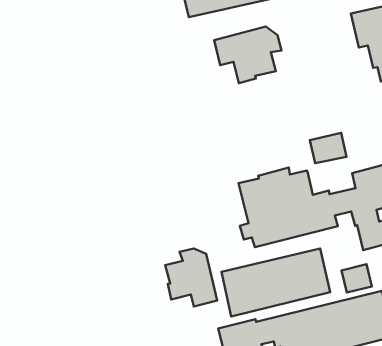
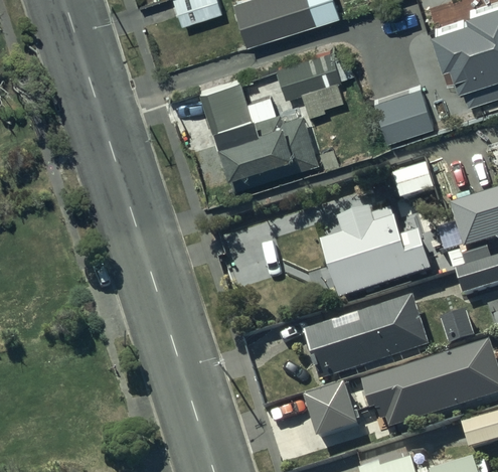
building: none -> [196,76,316,184]
building: none -> [374,82,435,136]
building: [165,249,217,307] -> none

